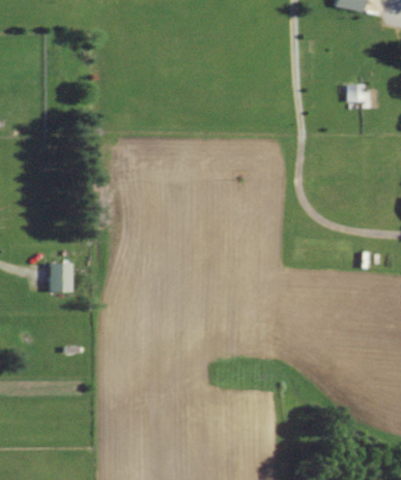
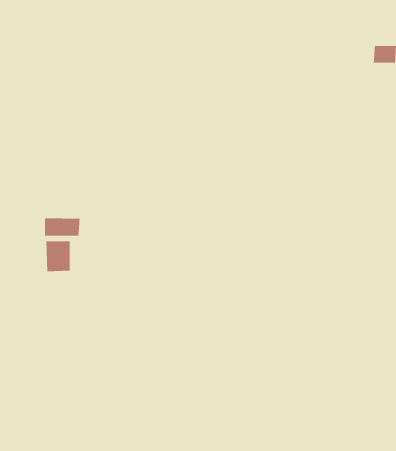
building: none -> [44,217,81,236]

